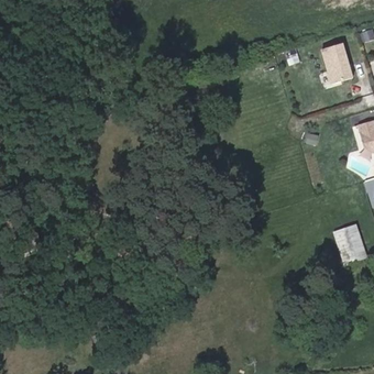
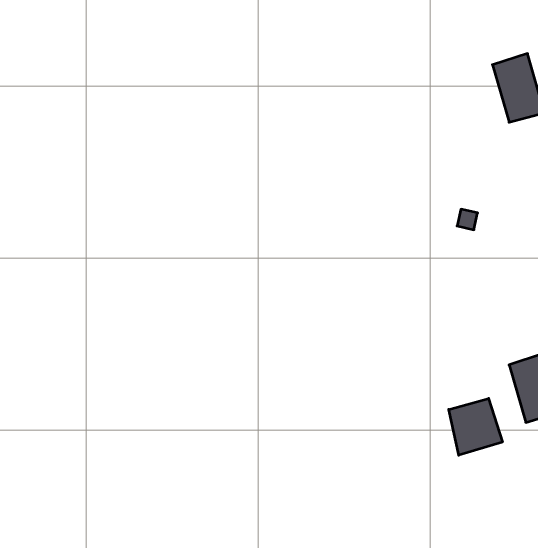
building: none -> [449,398,502,455]

